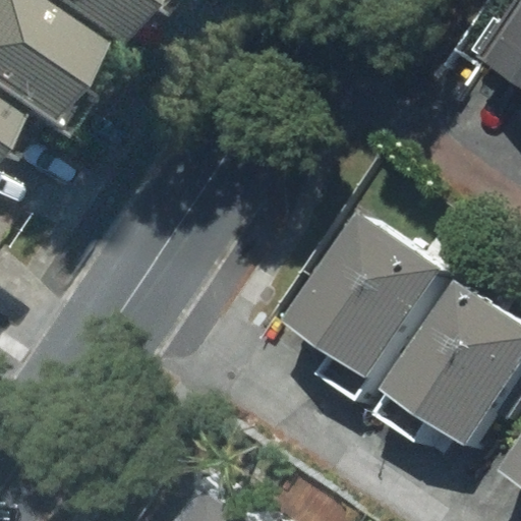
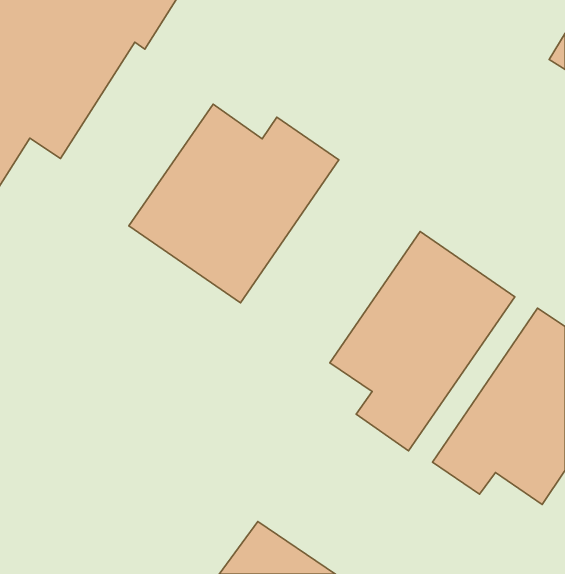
building: none -> [129,104,339,303]

